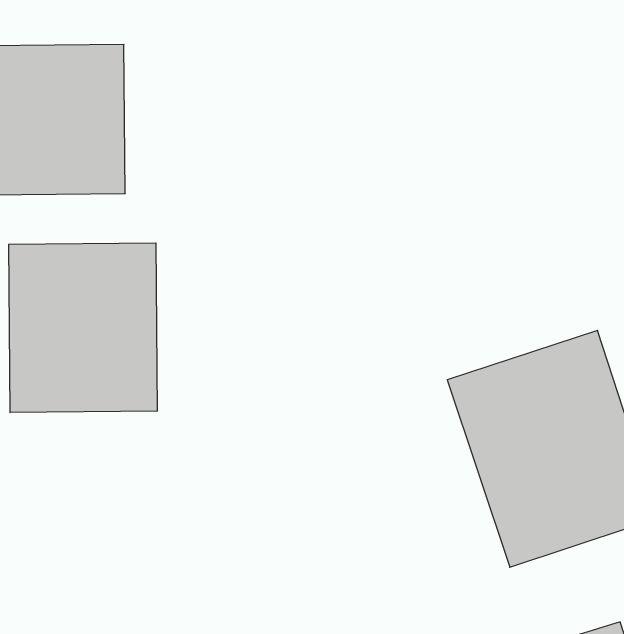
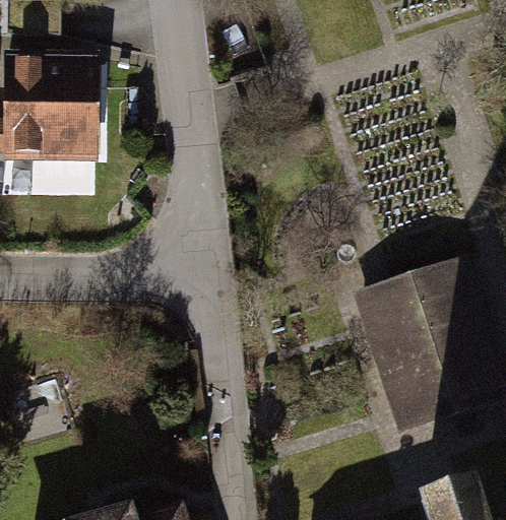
building: [9,243,157,413] -> none

